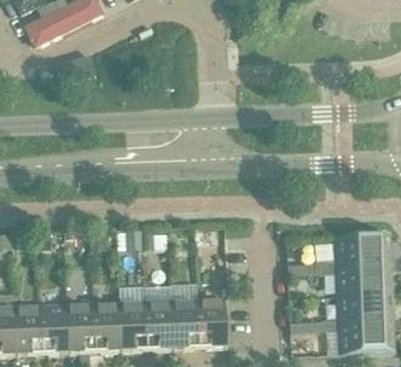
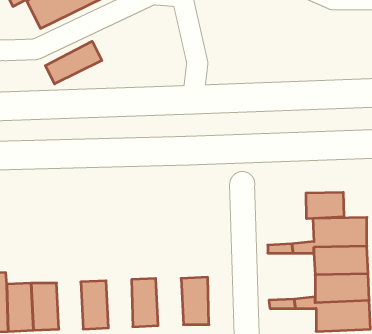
building: none -> [45,41,102,84]
building: none -> [306,192,344,219]
building: [170,298,199,348] -> none
building: [118,299,146,350] -> none
building: [66,302,94,351] -> none

